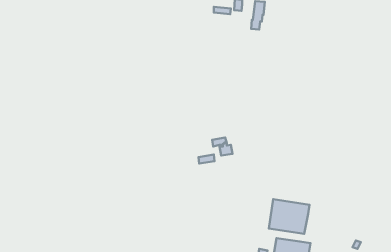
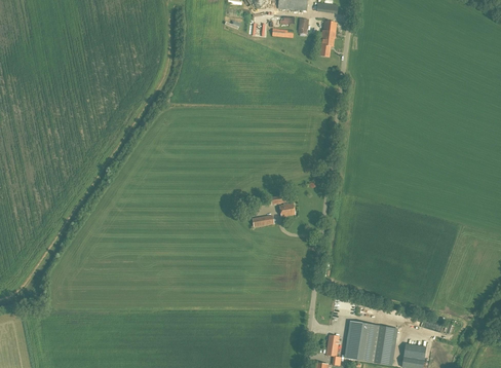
building: [269,199,310,234] -> none

